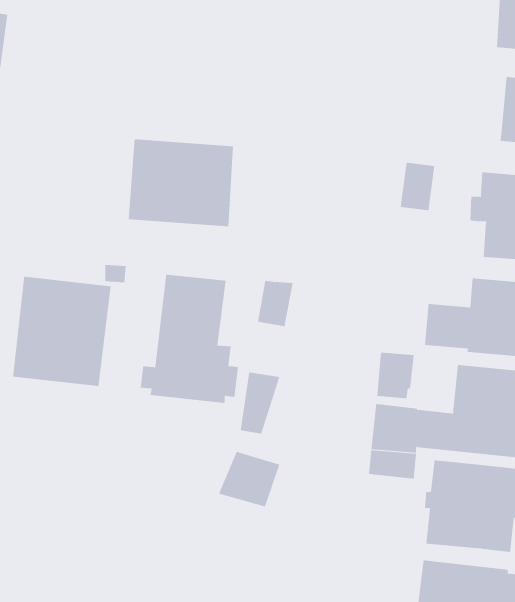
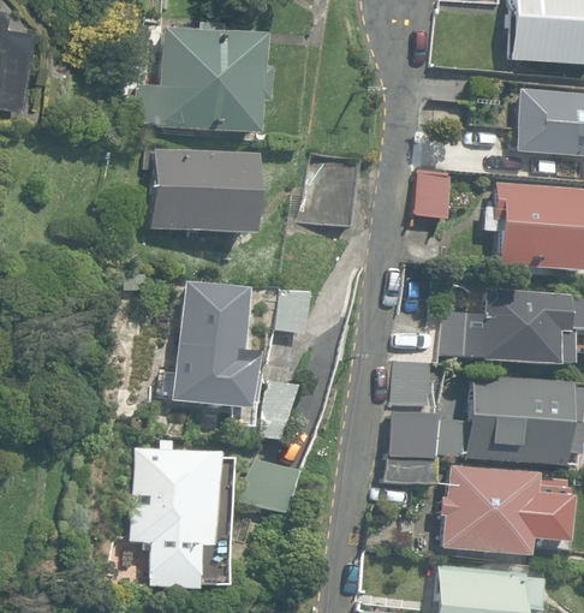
building: none -> [136,23,270,135]
building: none -> [306,154,362,226]
building: [13,276,111,387] -> none
building: none -> [133,448,220,588]

